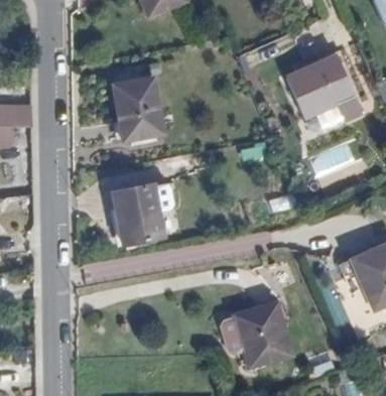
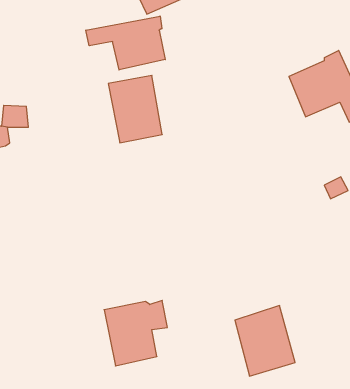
building: none -> [86,16,165,70]
building: [113,182,174,246] -> [104,300,167,366]

